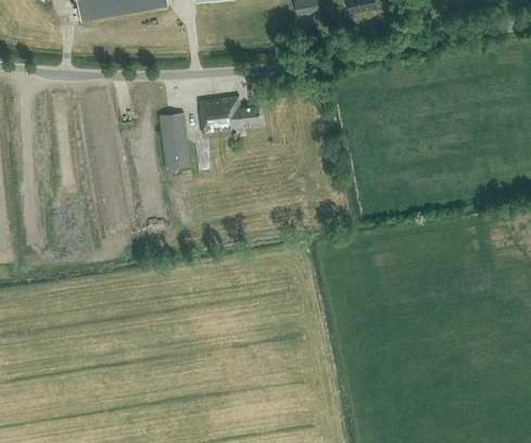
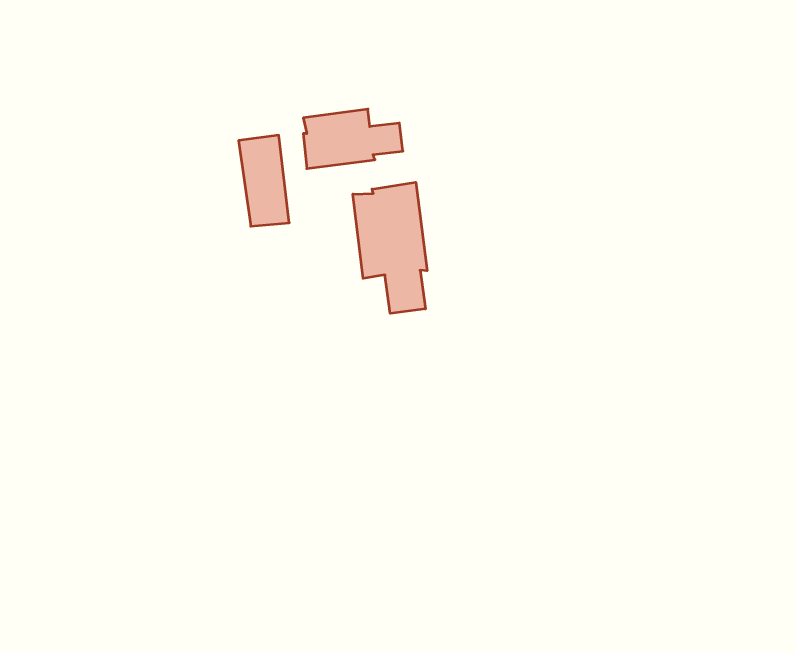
building: none -> [353,182,427,313]

